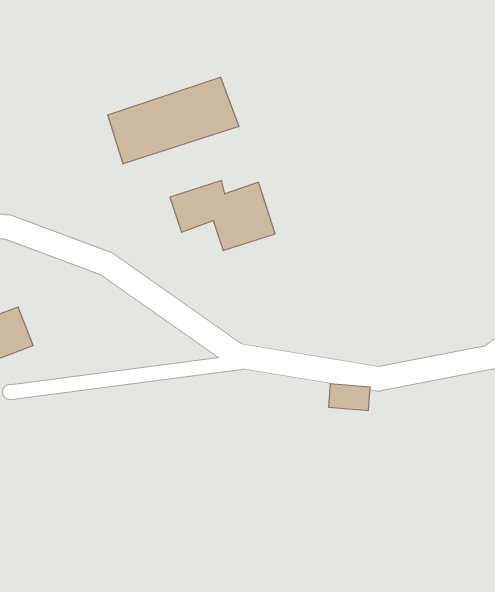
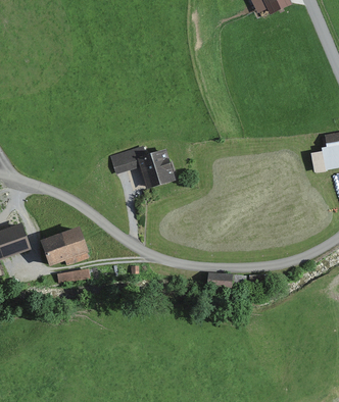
building: [108,77,239,164] -> none
building: none -> [41,229,85,263]

